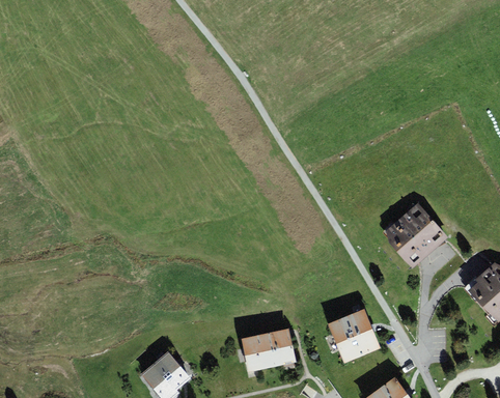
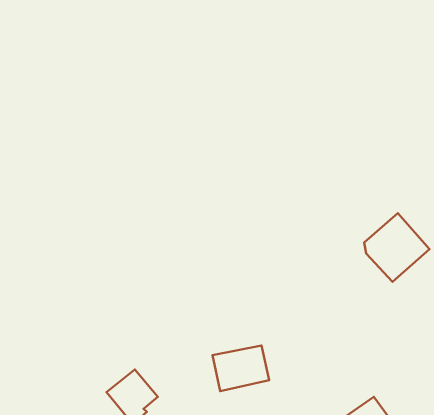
building: [328,309,380,363] -> none

